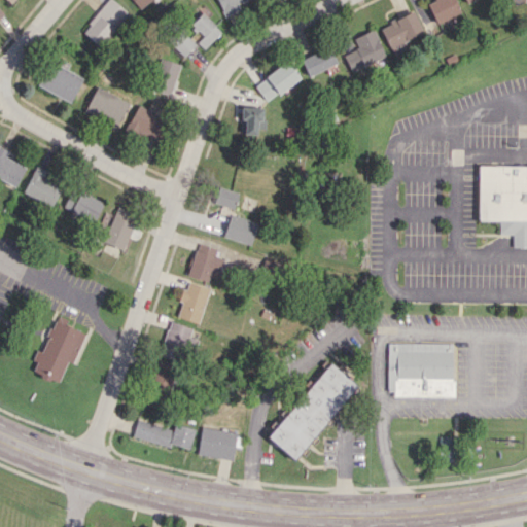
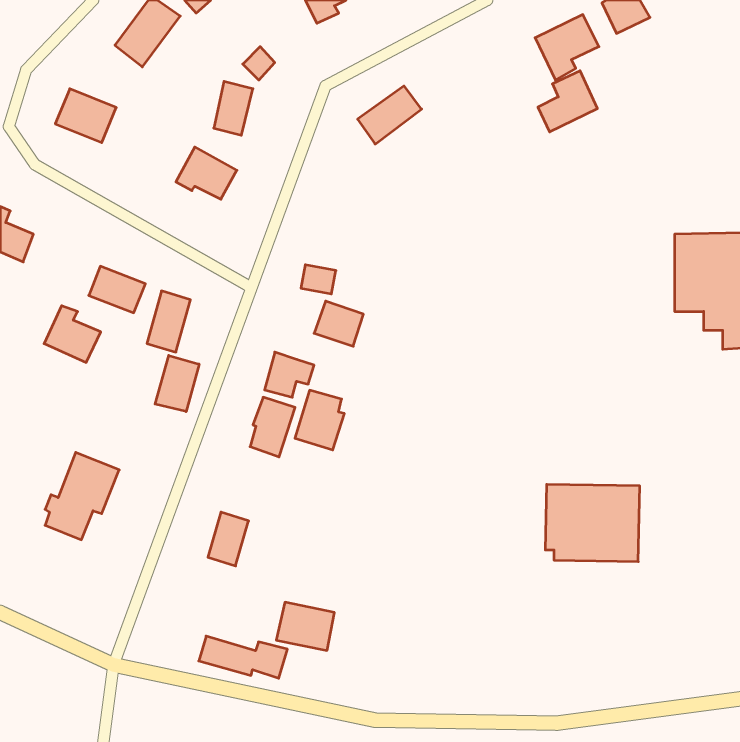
building: [188,13,222,47] -> none
building: [345,30,387,73] -> [538,71,597,132]
building: [302,47,339,77] -> none
building: [86,87,130,127] -> none
building: [242,108,265,135] -> none
building: [24,167,64,207] -> [44,306,101,362]
building: none -> [155,355,199,412]
building: [161,322,196,364] -> [295,390,344,450]
building: [270,363,358,460] -> none
building: [134,420,197,450] -> [199,636,287,678]

